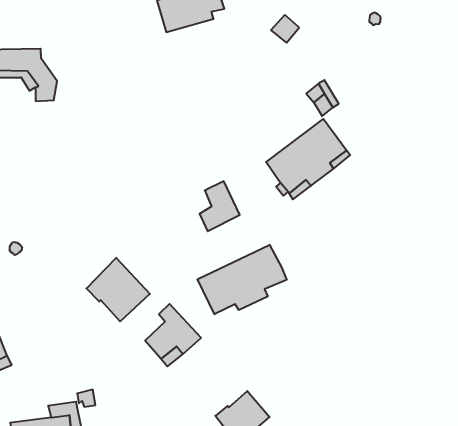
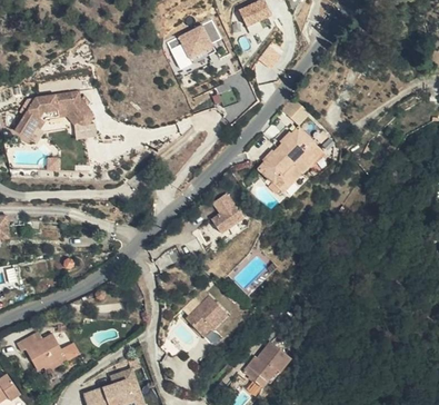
building: [197,245,287,314] -> none
building: [86,258,150,321] -> none

